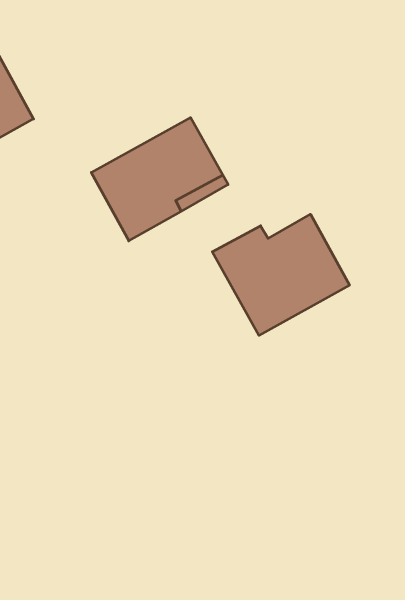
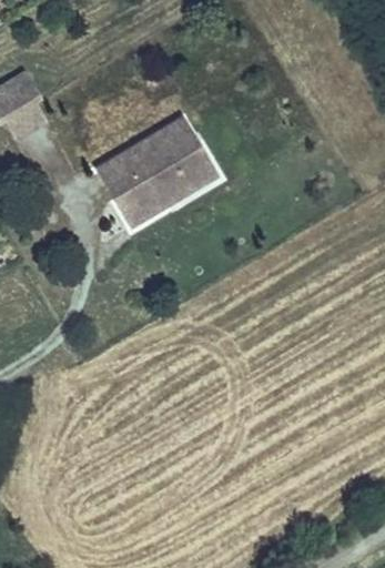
building: [212,214,349,335] -> none

